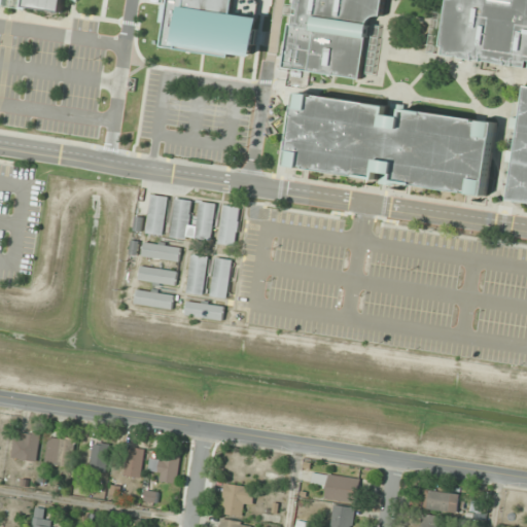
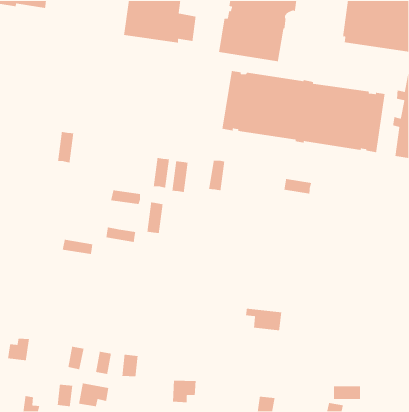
building: [147,195,169,236] -> [57,131,74,164]
building: [171,199,192,239] -> none
building: none -> [283,178,312,195]
building: [211,258,233,298] -> [208,160,225,191]
building: [138,266,178,286] -> [62,239,93,255]
building: [185,302,224,321] -> none
building: [52,436,73,466] -> [57,384,73,407]
building: [310,472,357,502] -> [245,308,282,331]
building: none -> [78,382,109,407]

